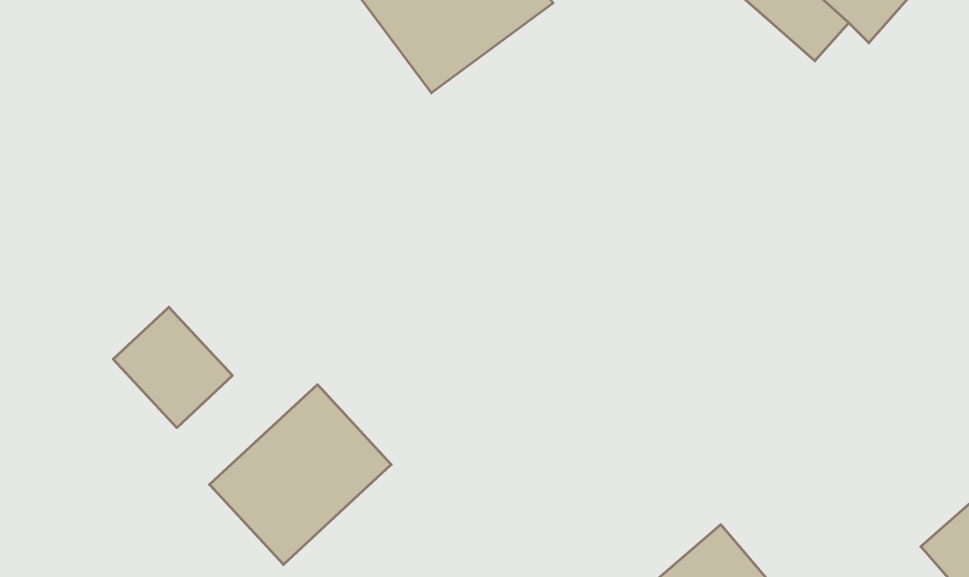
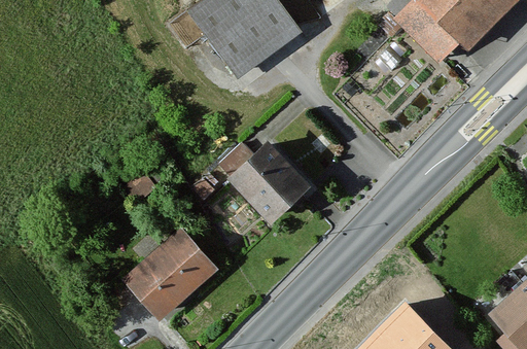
building: none -> [225,136,309,219]
building: [113,307,232,428] -> none

